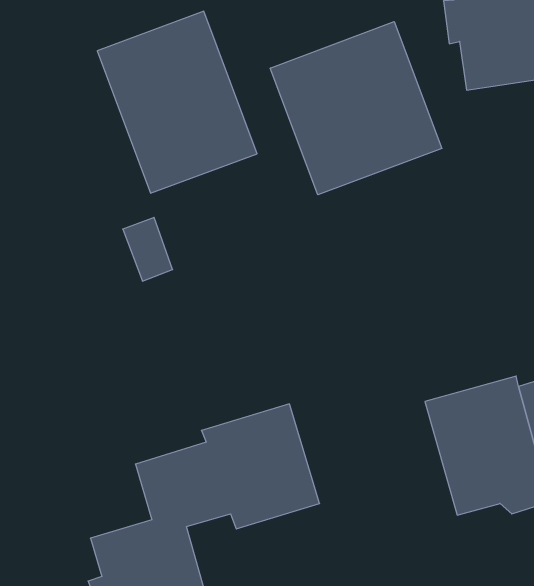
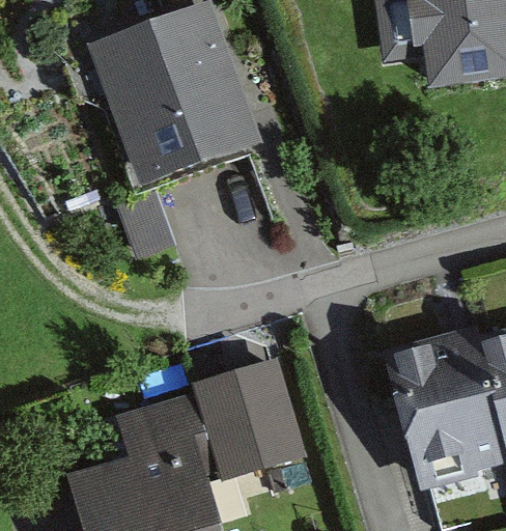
building: [270,22,442,195] -> none

